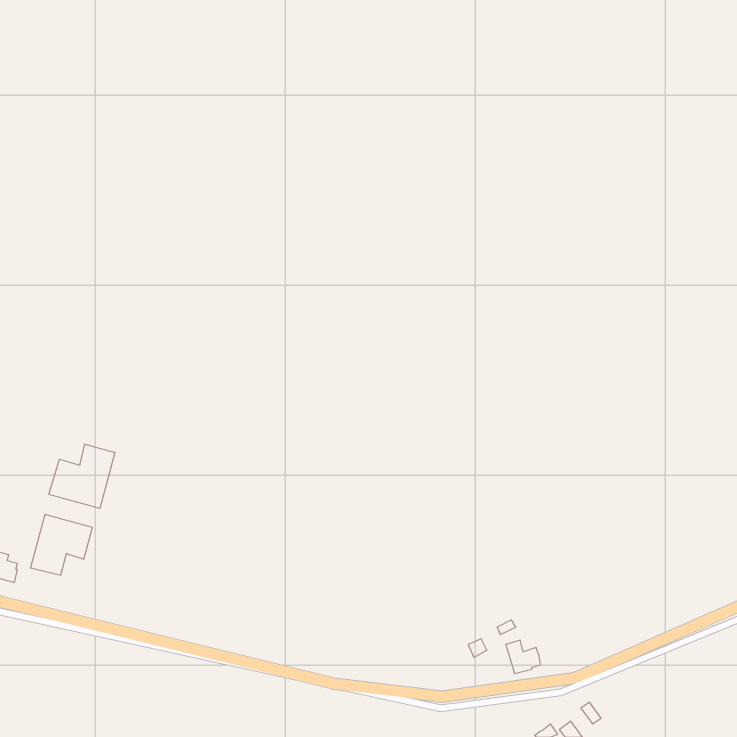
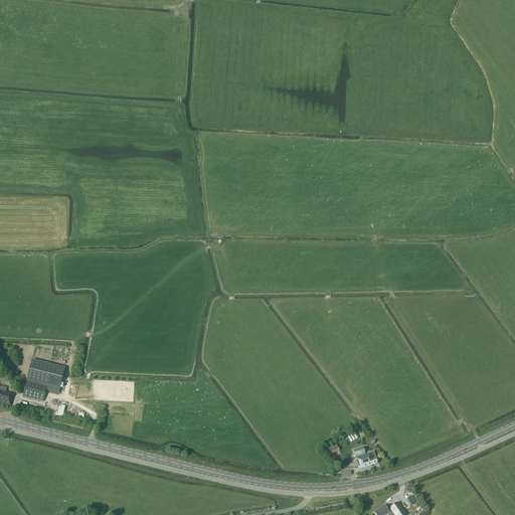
building: [49,444,115,508] -> none

